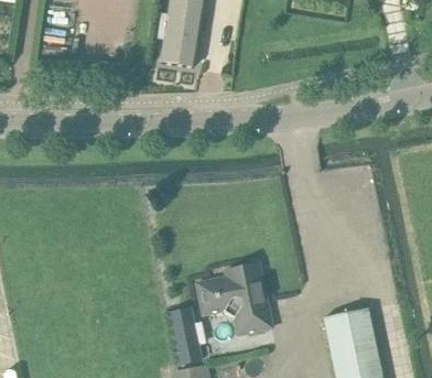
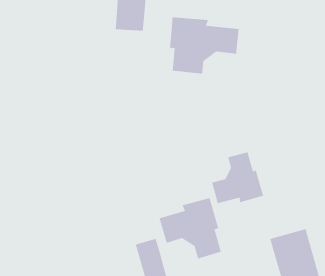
building: none -> [169,17,240,75]
building: none -> [211,152,264,204]

